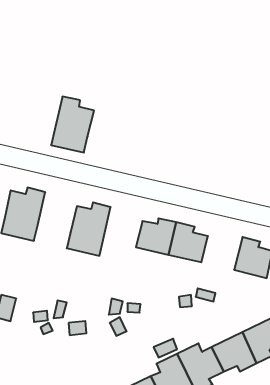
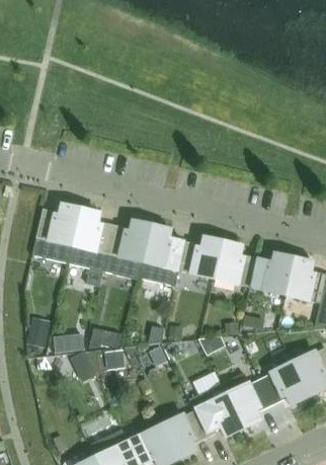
building: [51,97,94,153] -> [67,210,113,270]
building: none -> [138,226,184,288]
building: none -> [248,254,293,294]

